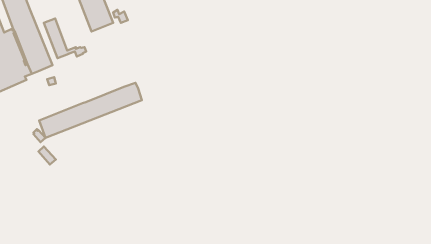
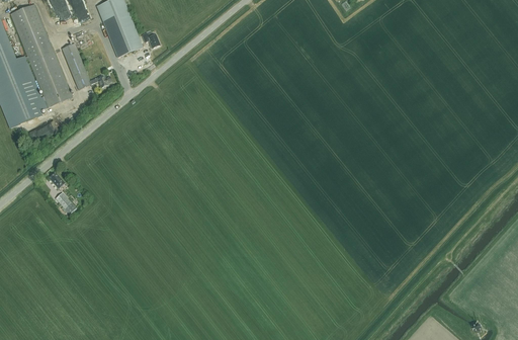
building: [39,83,142,138] -> none

